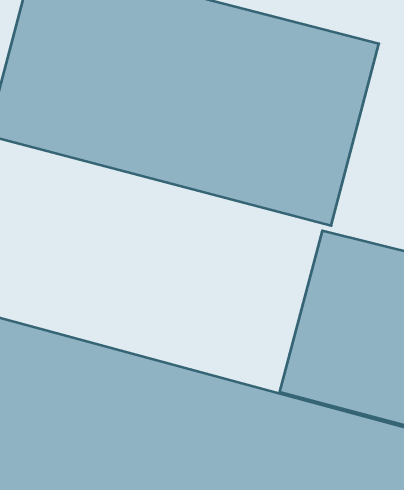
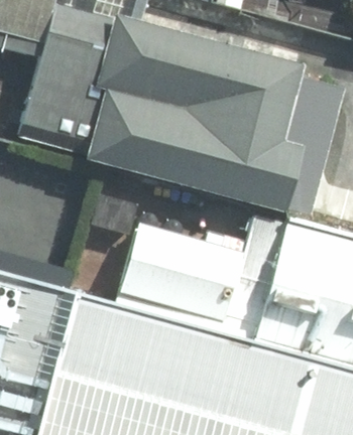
building: none -> [120,220,246,319]

